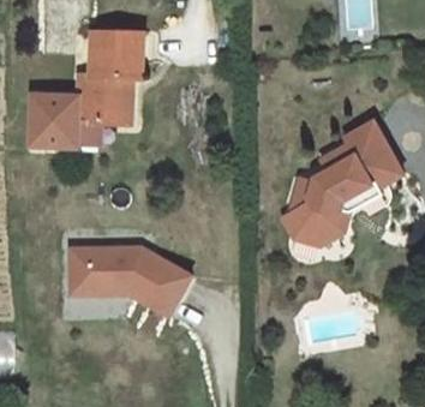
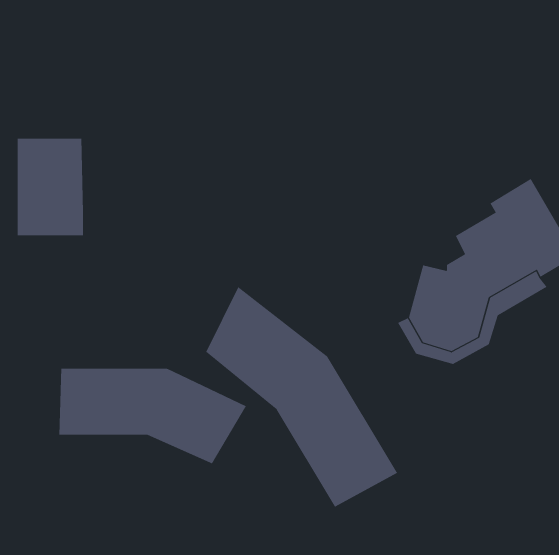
building: [74,26,138,144] -> none
building: none -> [206,286,398,508]

